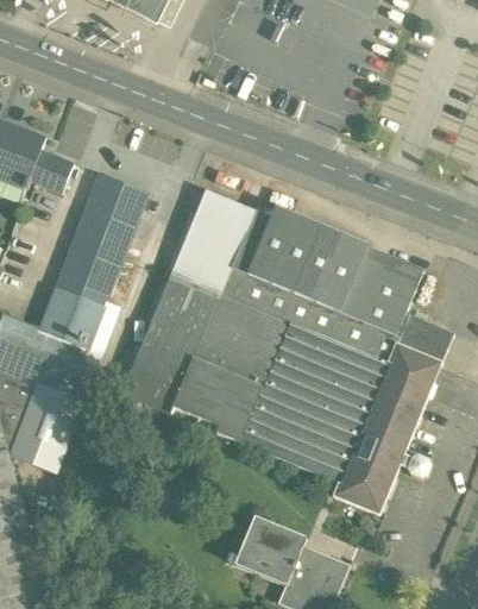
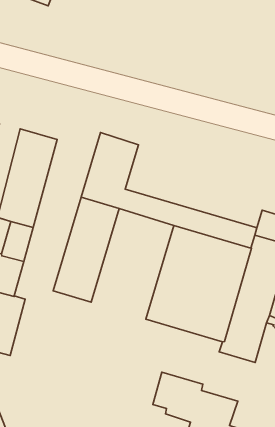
building: [229,207,422,335] -> none
building: [169,293,289,442] -> none

